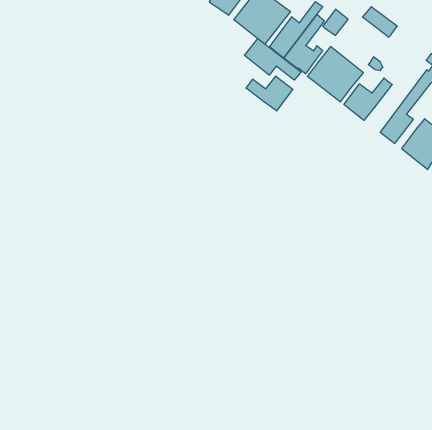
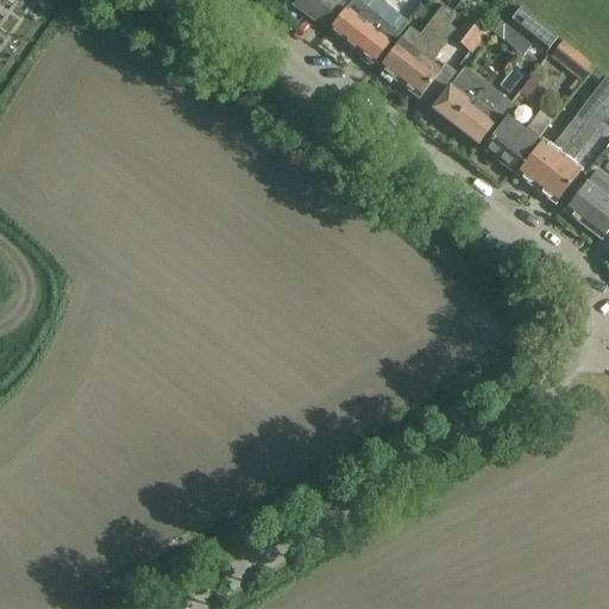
building: none -> [550,36,595,79]
building: [245,38,301,80] -> none
building: none -> [517,92,601,186]
building: [246,76,293,111] -> none

